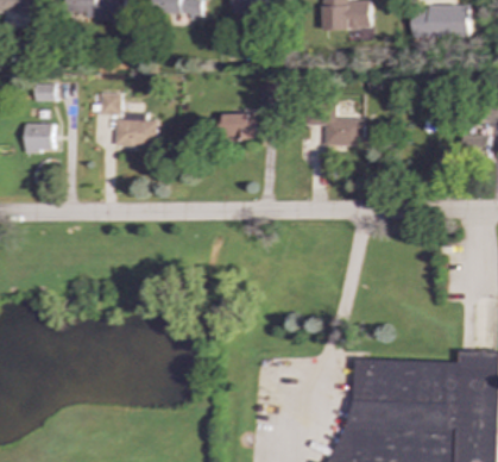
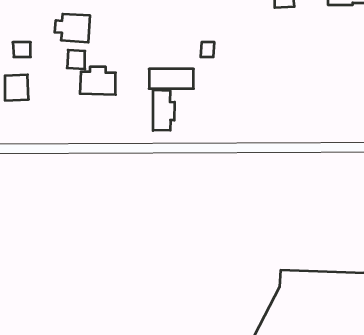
building: none -> [55,14,90,42]
building: [307,110,363,145] -> none
building: none -> [153,90,175,131]

